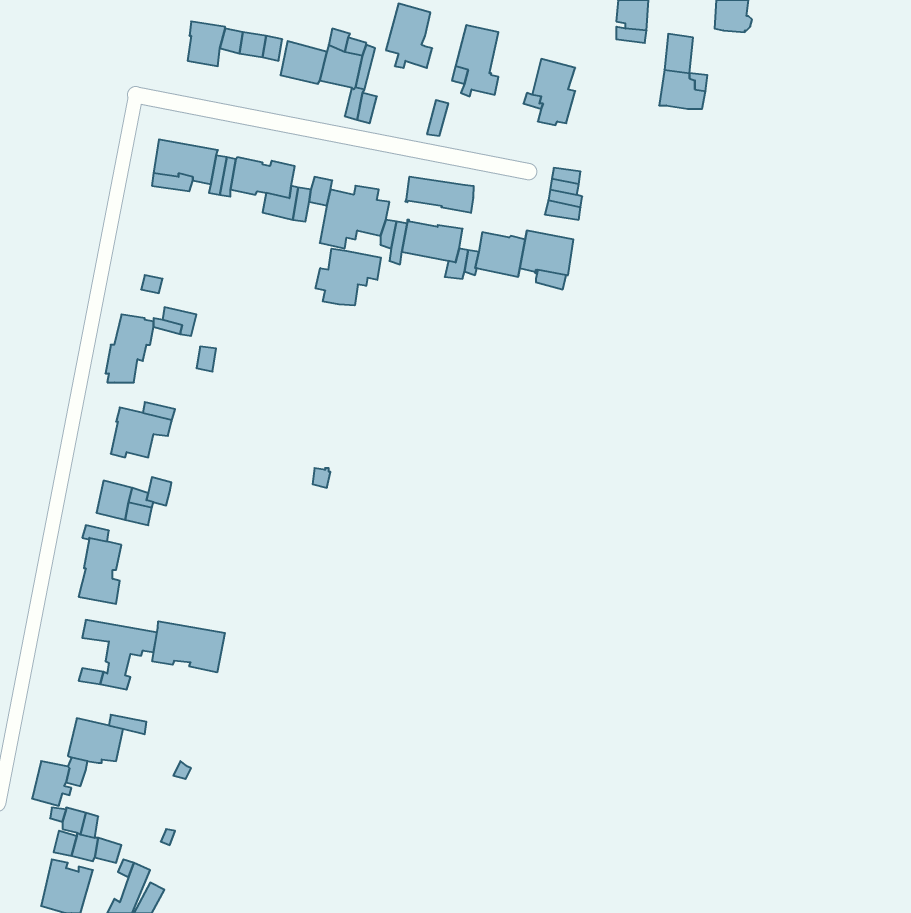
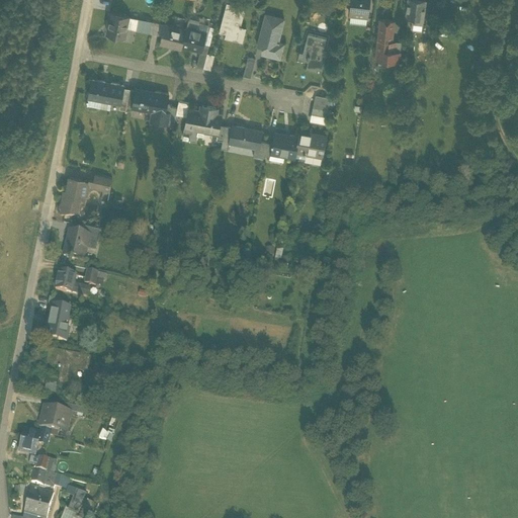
building: [405,177,474,213] -> none
building: [316,249,381,305] -> none
building: [152,621,225,672] -> none

